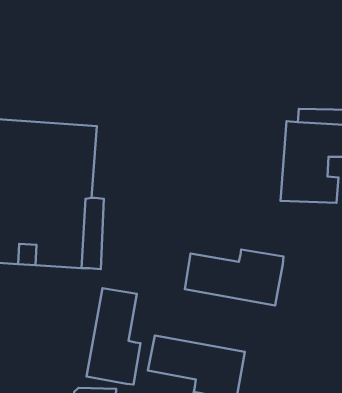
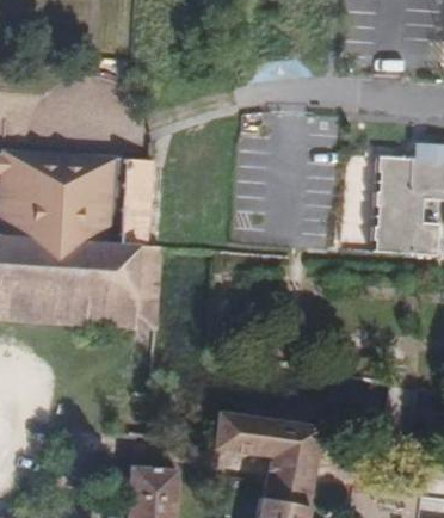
building: [185,249,284,306] -> none
building: [87,288,141,385] -> none

